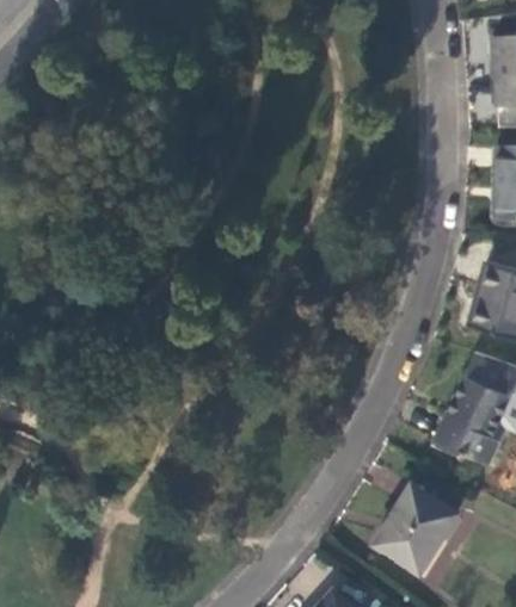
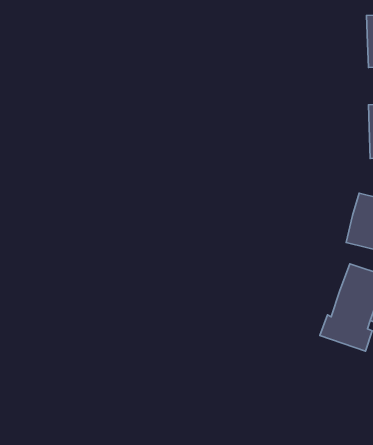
building: [377,488,461,576] -> none

